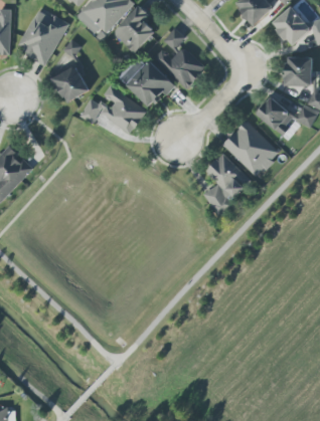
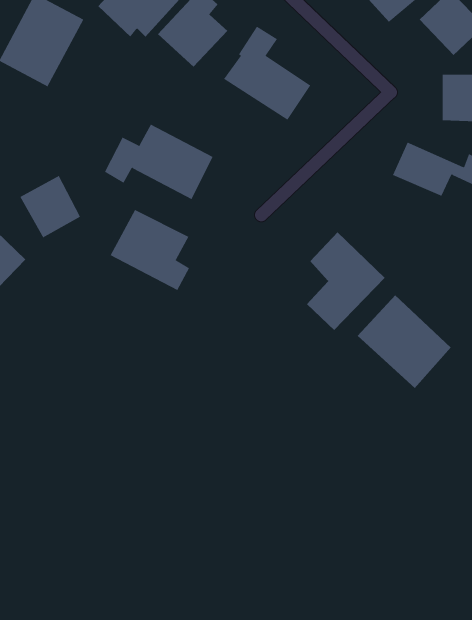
building: [126,59,175,108] -> none
building: [52,64,90,102] -> [20,175,81,238]
building: [222,120,280,177] -> [357,294,451,389]
building: none -> [110,209,190,291]

